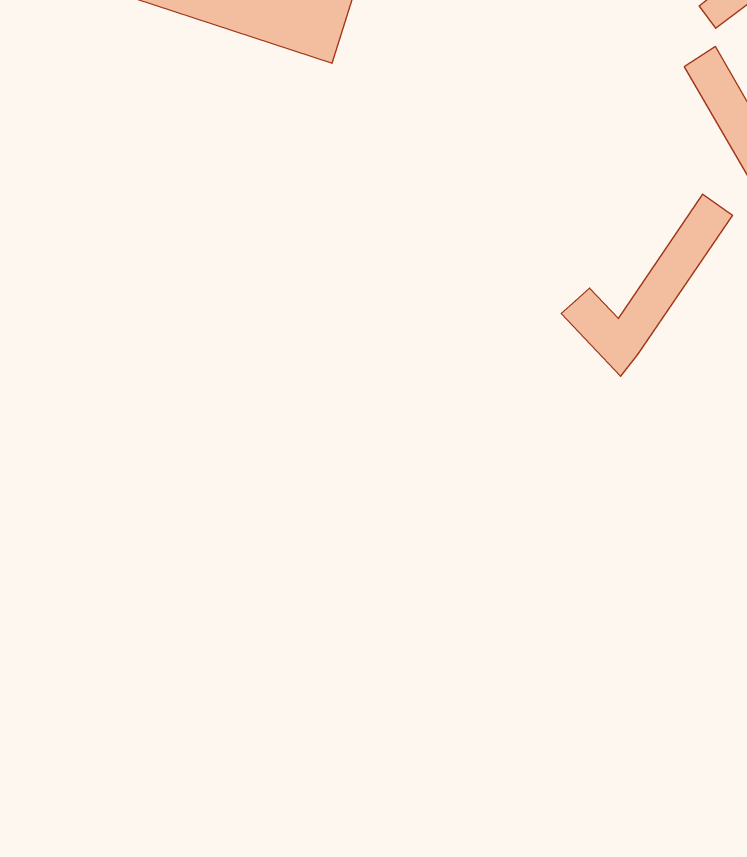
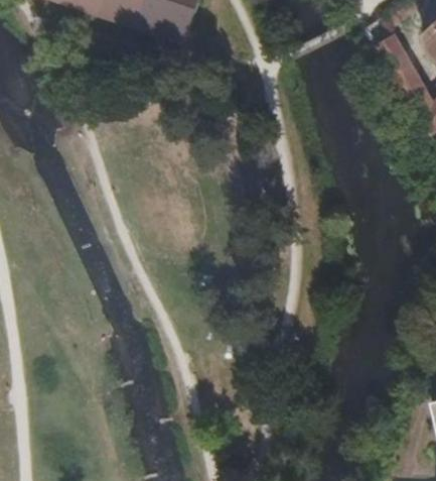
building: [561,194,732,376] -> none

